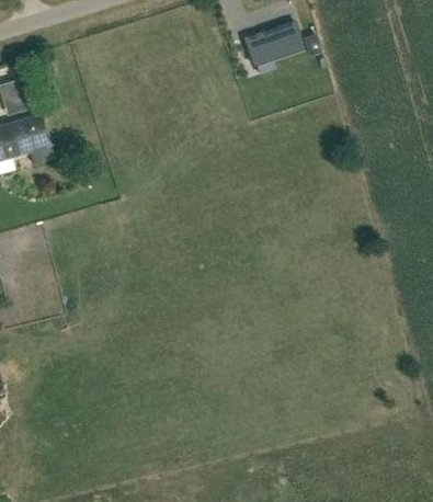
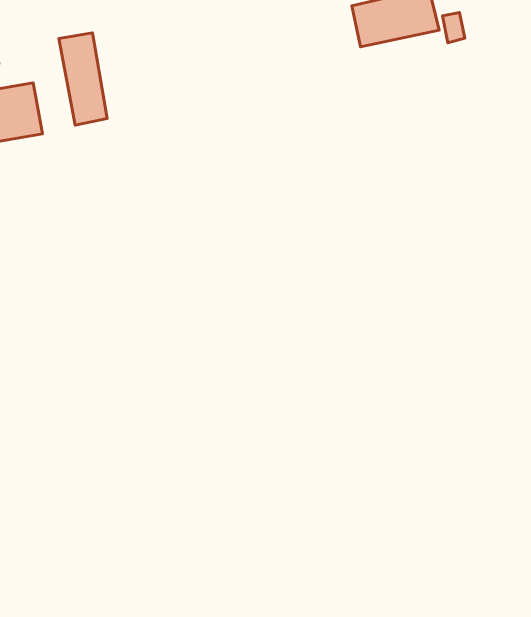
building: none -> [59,33,107,125]

